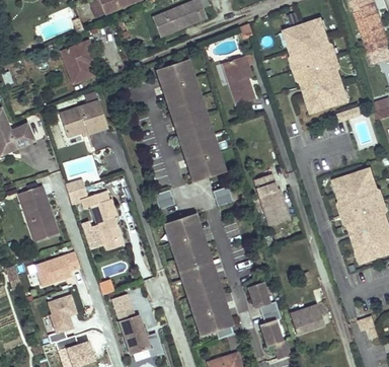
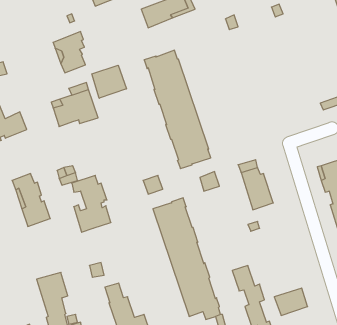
building: [289,19,344,111] -> none
building: [220,54,253,104] -> none
building: none -> [92,65,126,98]
building: [32,250,81,288] -> none

